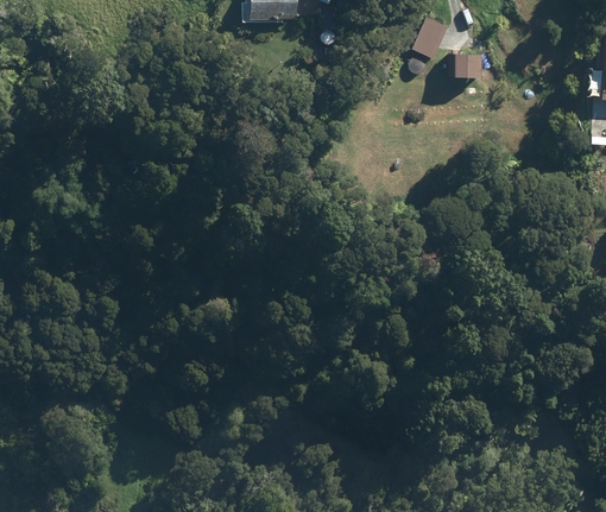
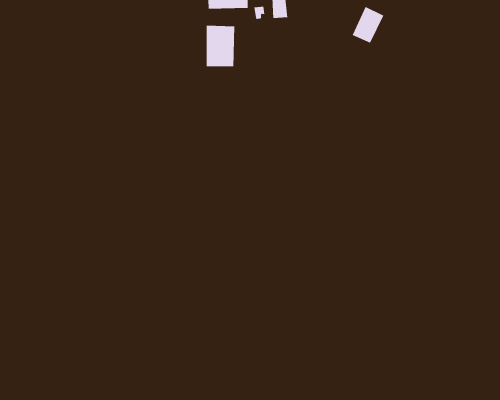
building: none -> [206,25,235,67]
building: [450,53,486,78] -> none

